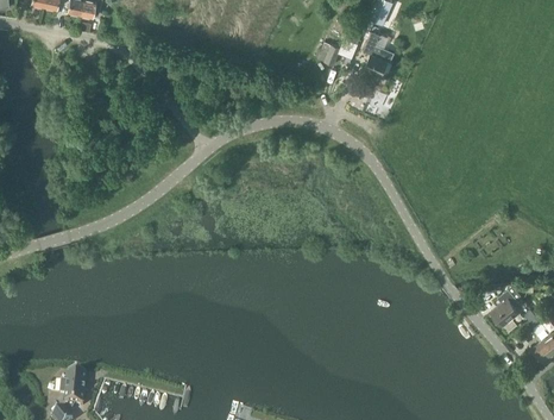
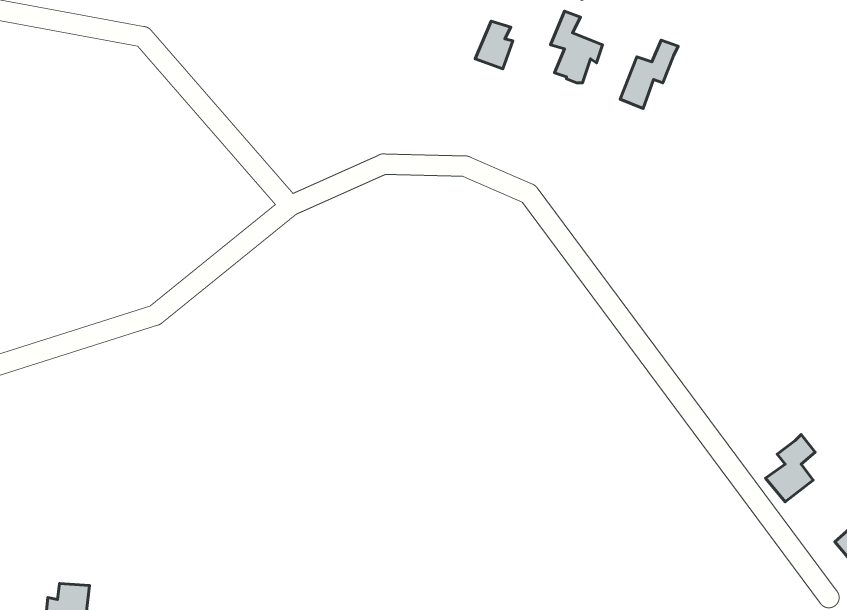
building: none -> [620,40,678,109]

